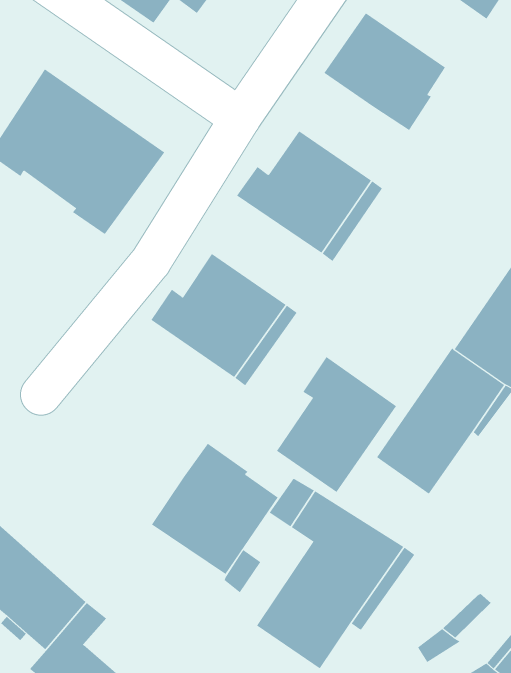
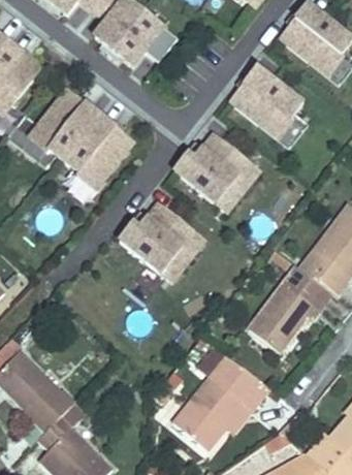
building: [276,356,397,493] -> none
building: [151,443,278,575] -> none

